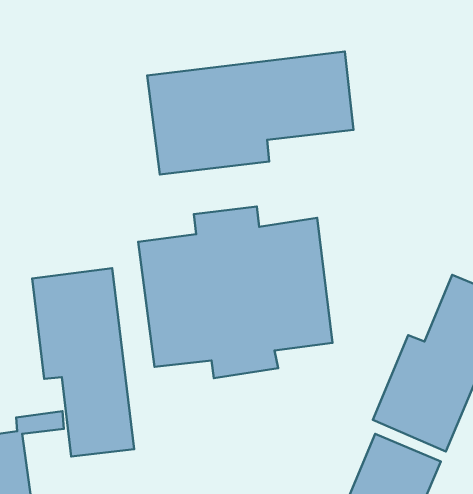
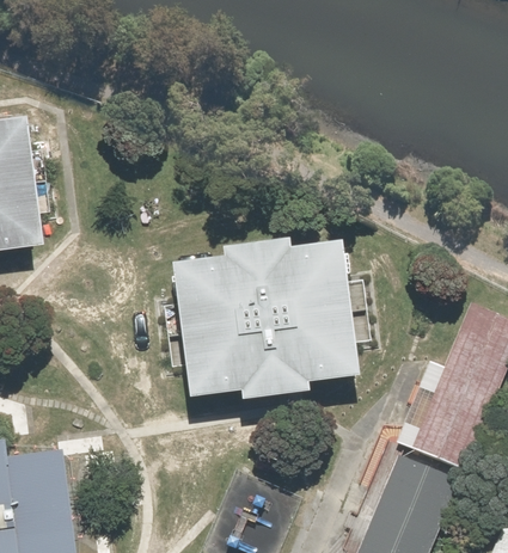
building: [147,52,354,175] -> none
building: [32,268,134,456] -> none

